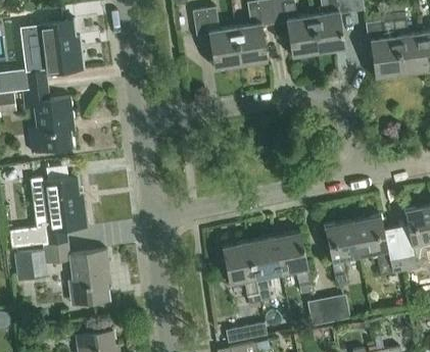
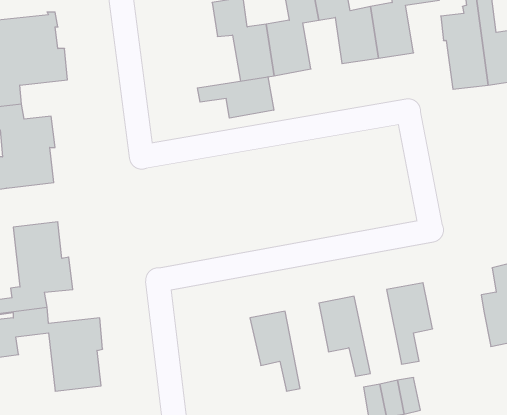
building: none -> [197,77,274,118]
building: [352,216,403,274] -> none
building: [248,238,281,302] -> none

